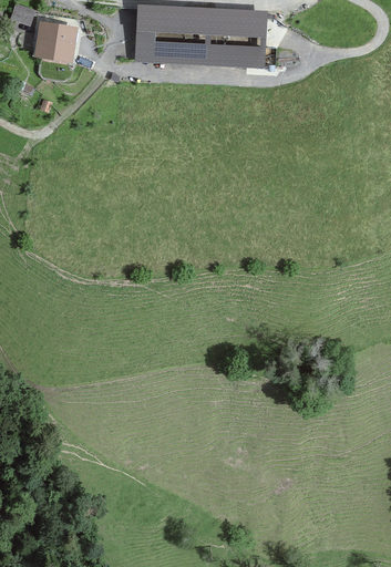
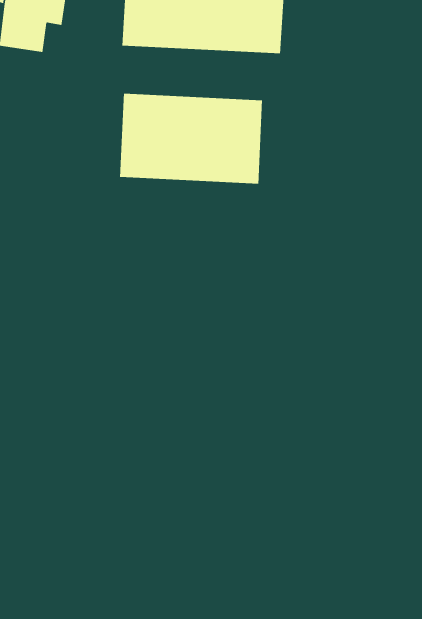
building: none -> [120,93,262,184]

